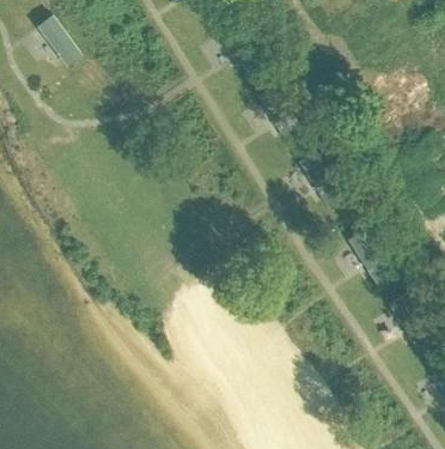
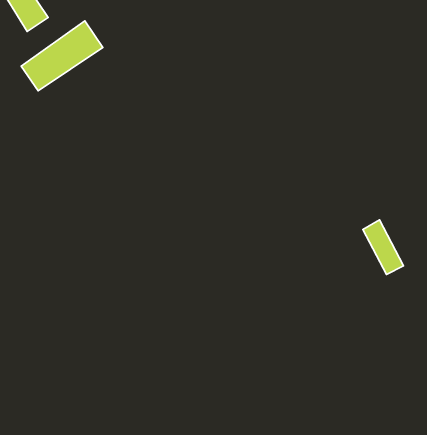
building: none -> [21,21,103,91]

